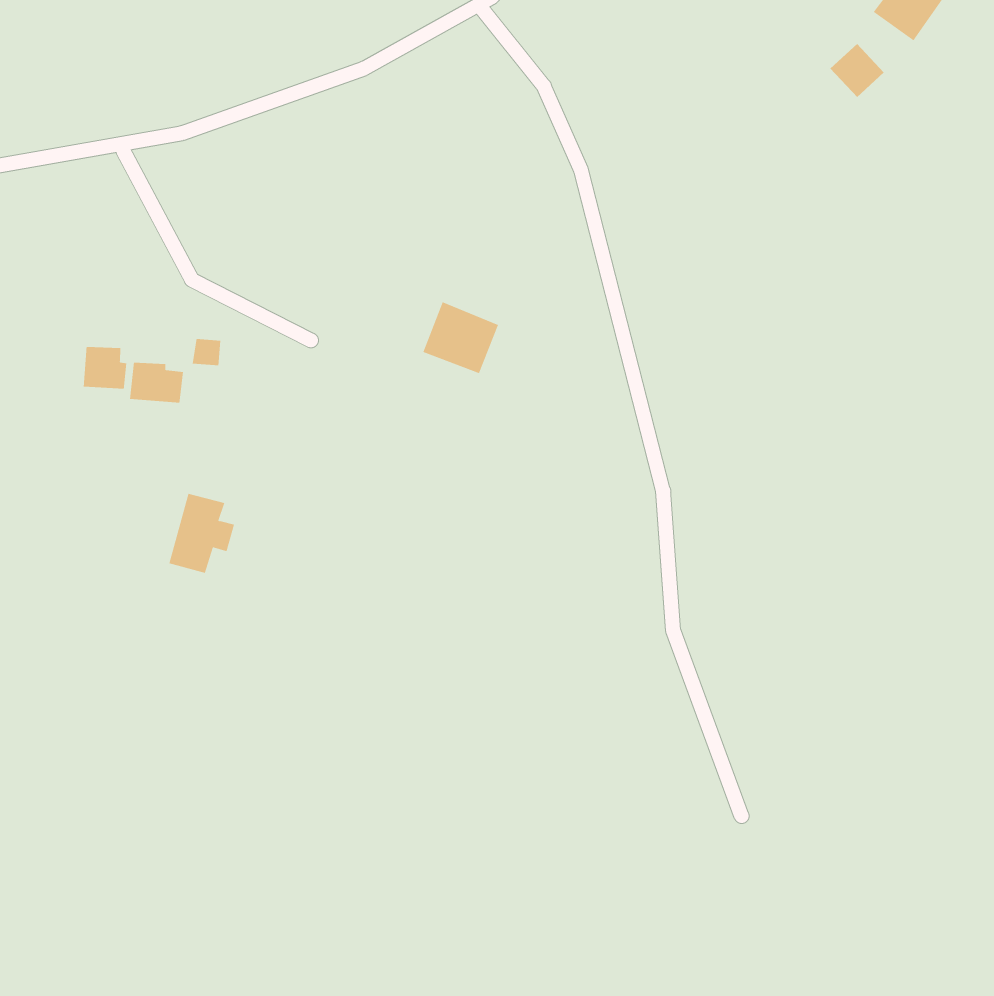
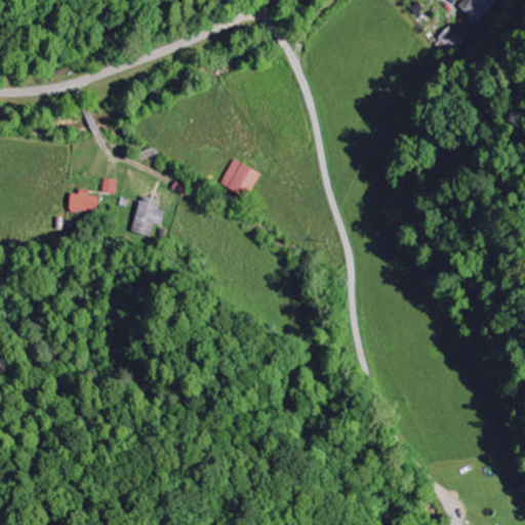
building: [83,346,127,389] -> none
building: [168,493,235,573] -> [130,194,165,236]

